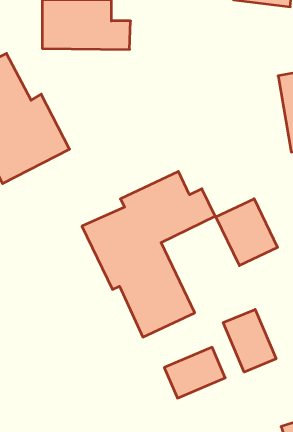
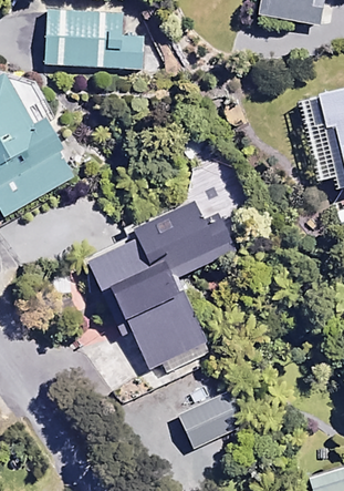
building: [216,199,278,266] -> none
building: [223,309,276,372] -> none

